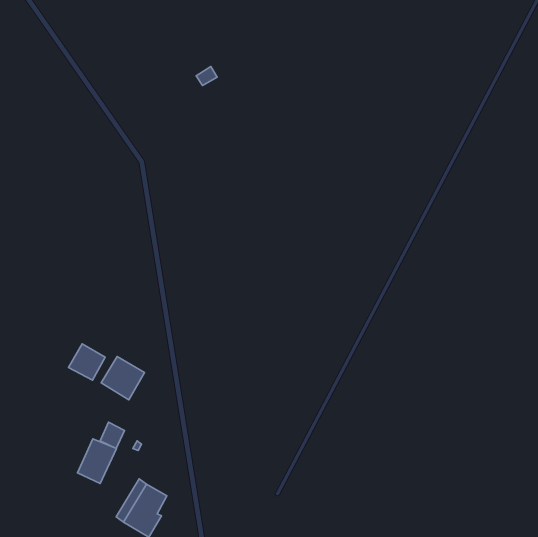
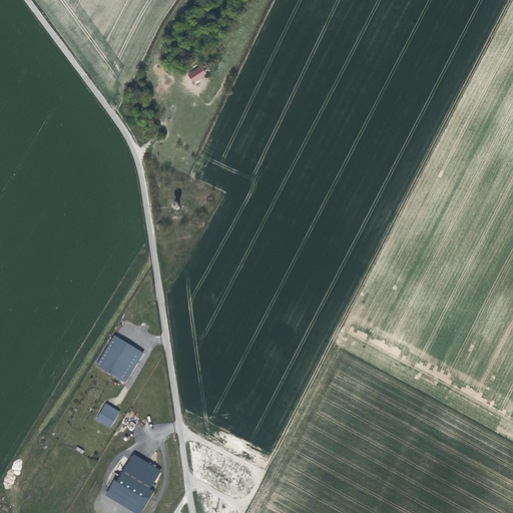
building: [69,344,105,380] -> none
building: [77,439,117,484] -> none

